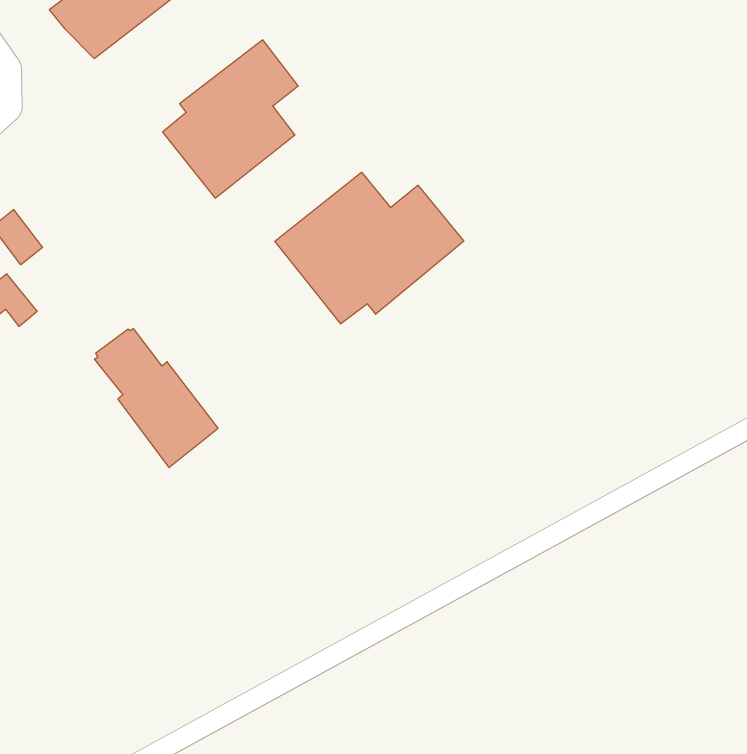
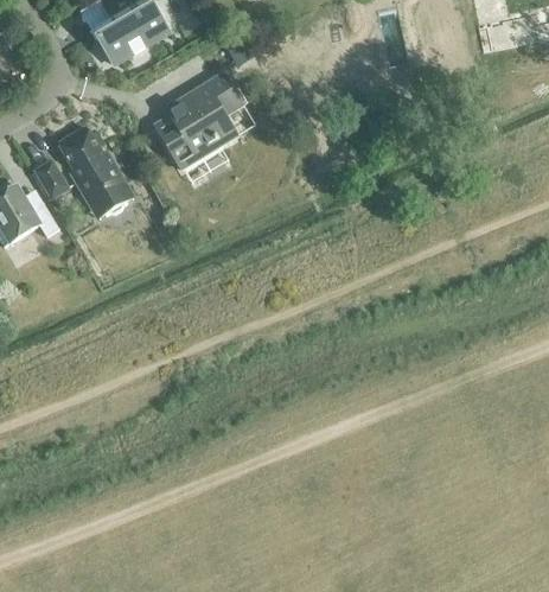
building: [275,172,464,324] -> none
building: [94,329,218,468] -> [59,126,133,217]

